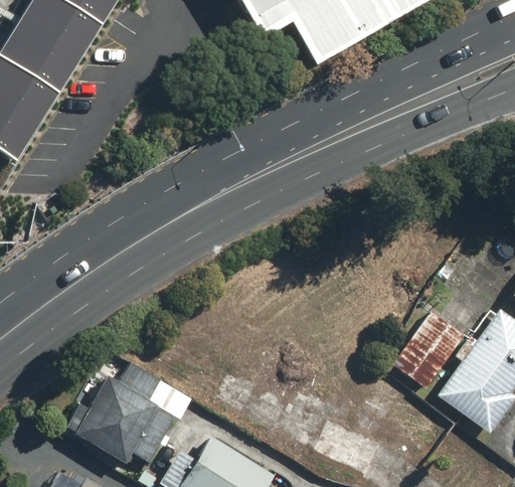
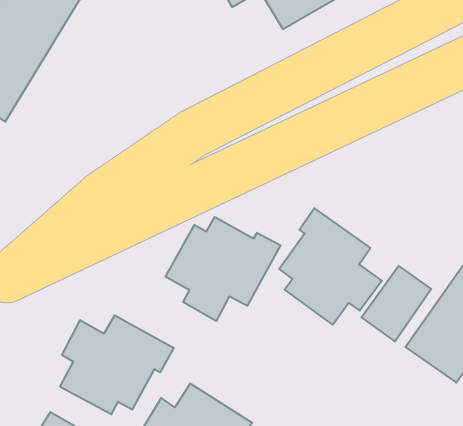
building: none -> [279,208,382,325]
building: none -> [166,217,280,321]

